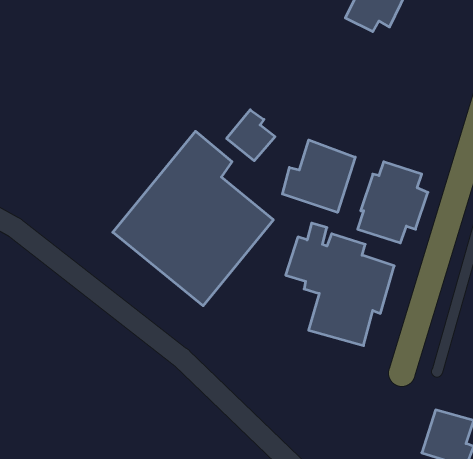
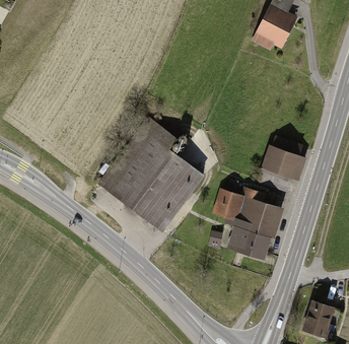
building: [227,110,275,161] -> none
building: [282,140,355,212] -> none

